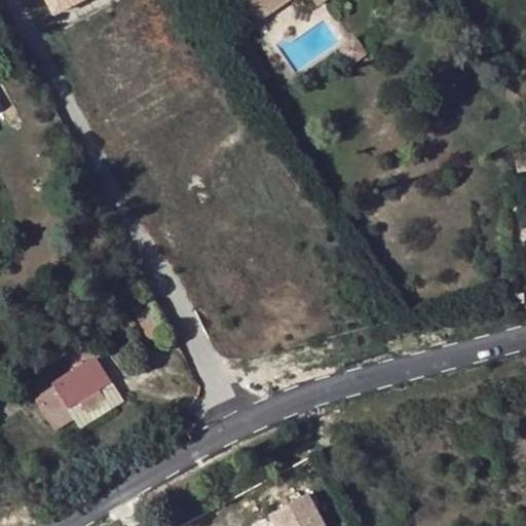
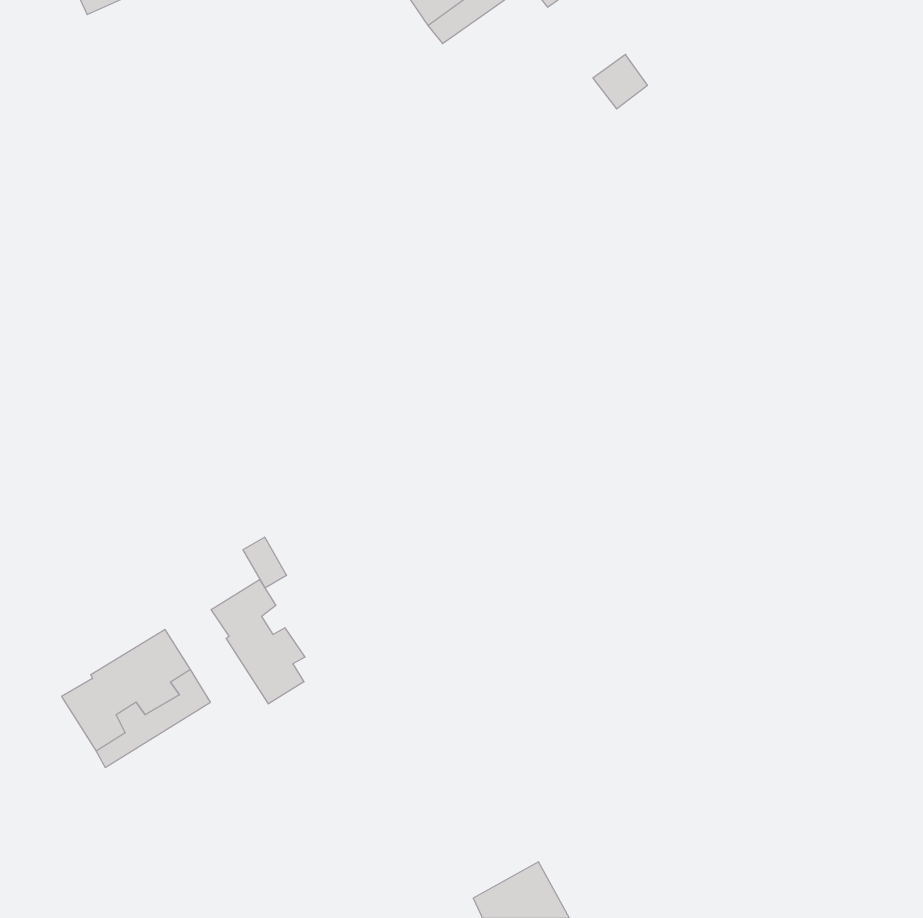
building: none -> [211,579,305,704]

